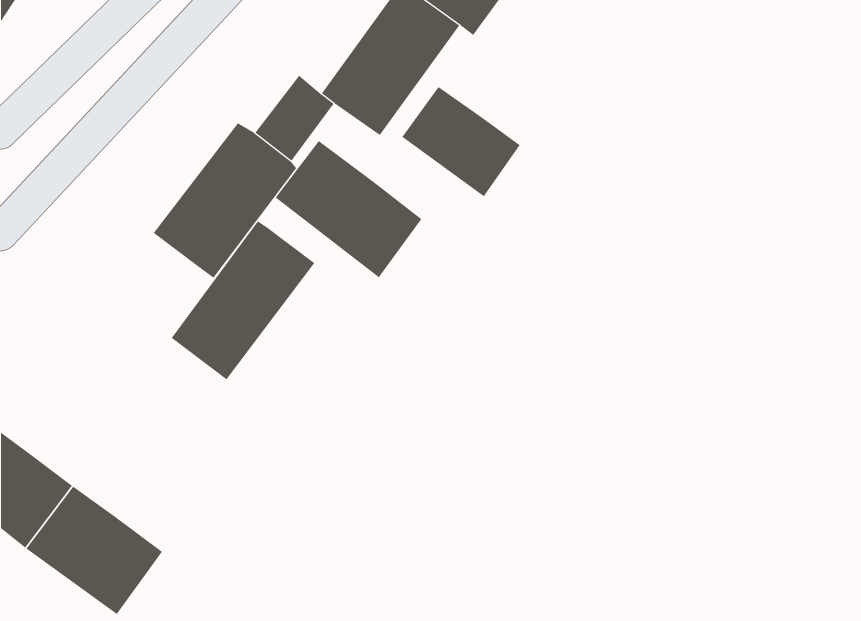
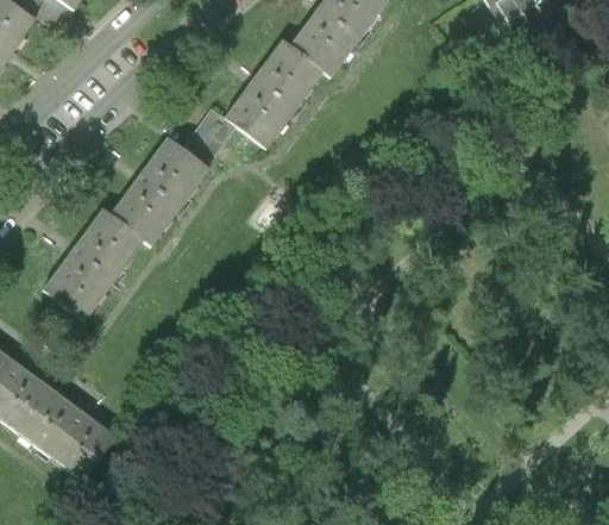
building: [402,86,520,197] -> none
building: [275,140,422,278] -> none
building: [171,221,315,380] -> [40,210,142,321]

